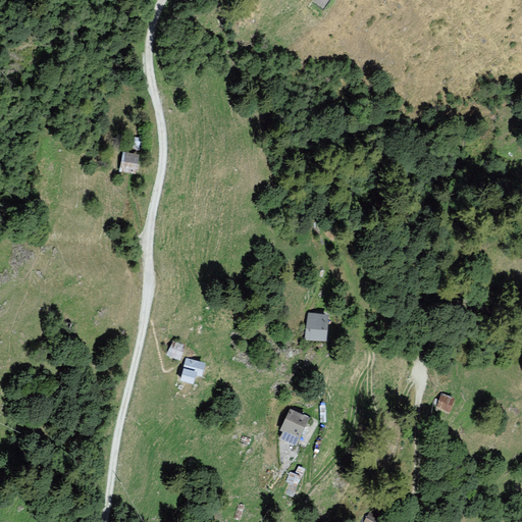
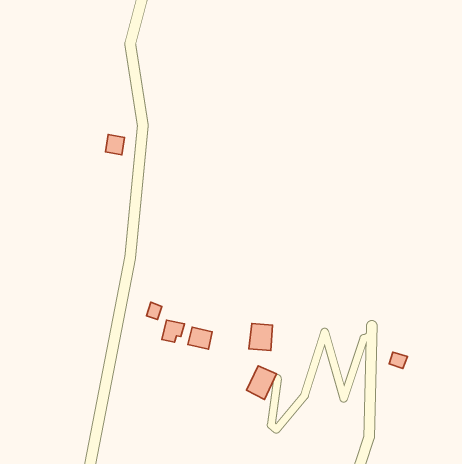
building: [303,311,329,342] -> [249,323,273,351]
building: none -> [188,327,212,349]

